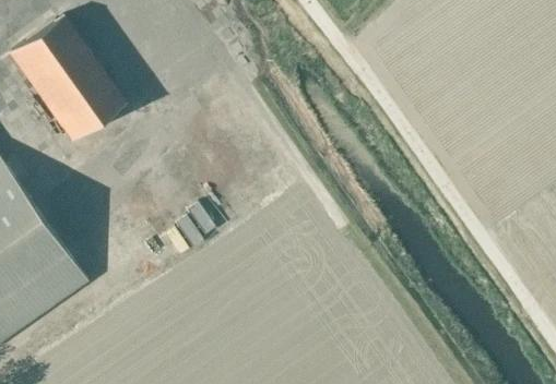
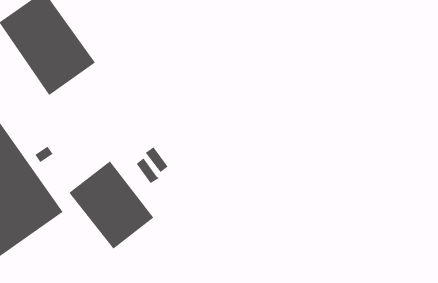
building: none -> [68,161,154,249]

